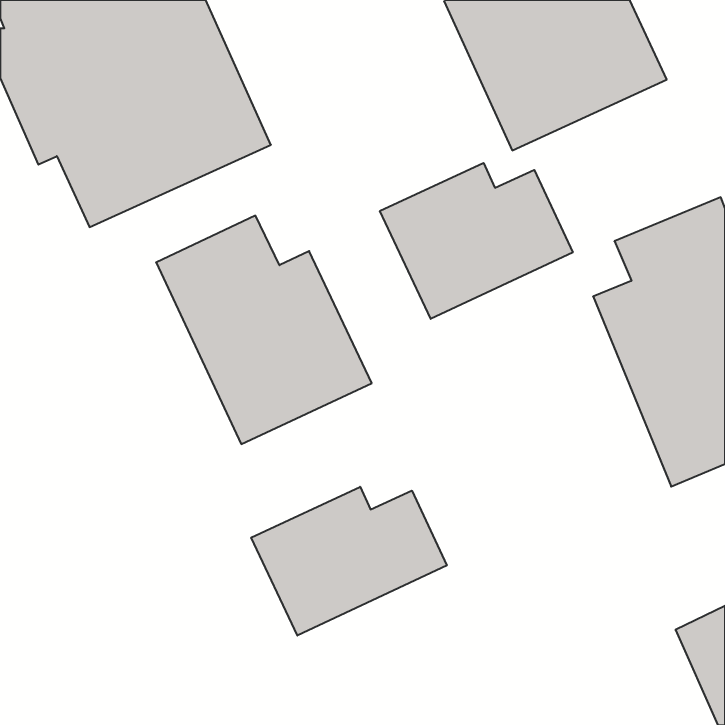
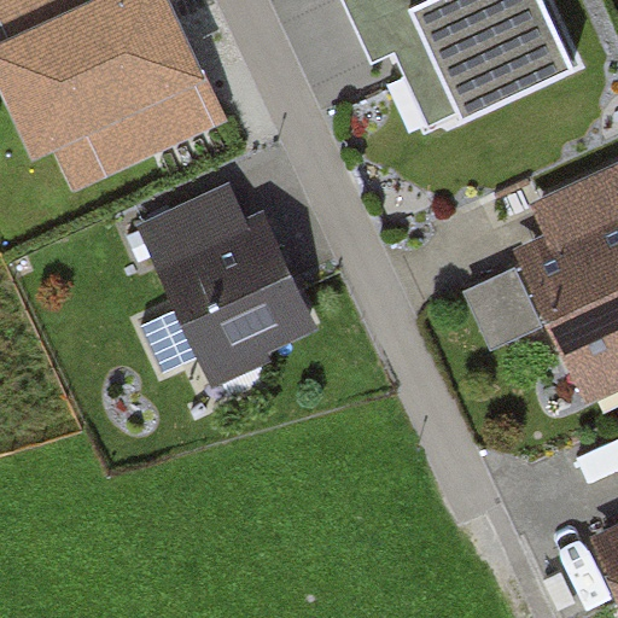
building: [380,163,573,319] -> none
building: [251,487,447,636] -> none

